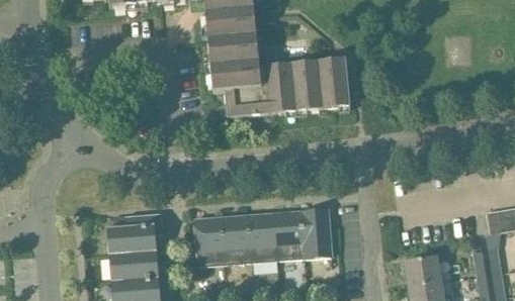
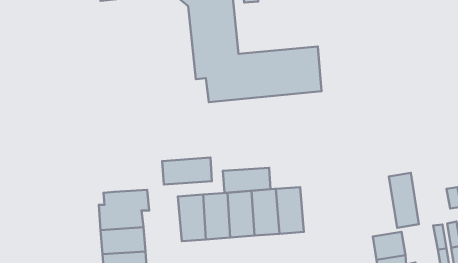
building: none -> [162,158,212,185]
building: none -> [223,168,271,193]
building: none -> [389,173,419,228]

